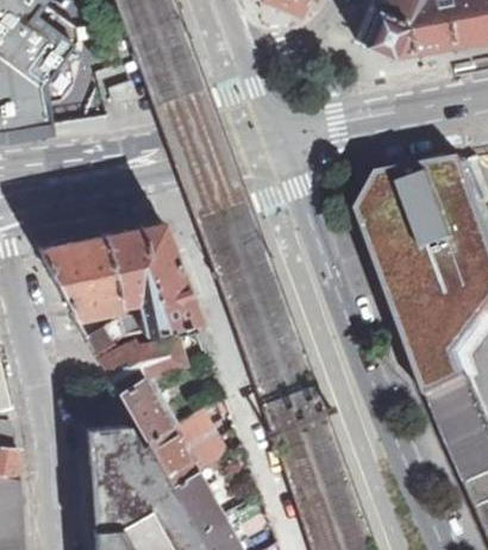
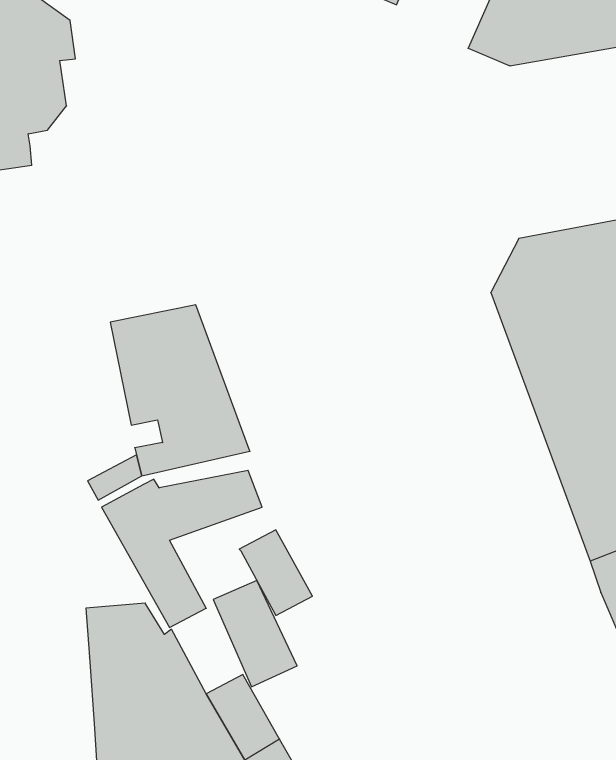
building: [38,235,118,319] -> none
building: [144,430,194,488] -> [239,530,312,615]

